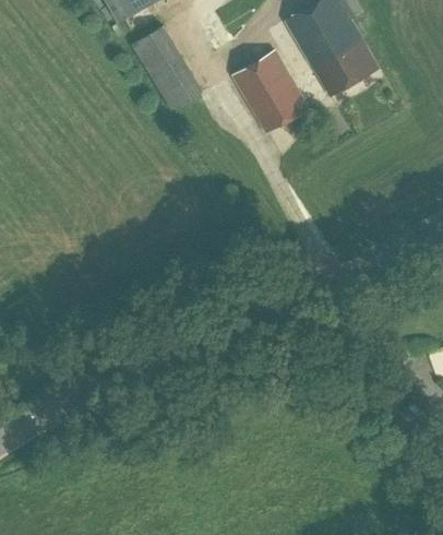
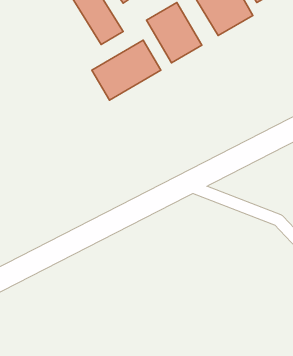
building: none -> [92,40,161,100]

